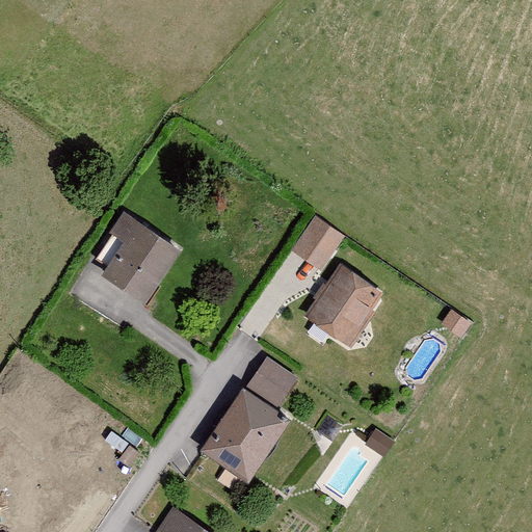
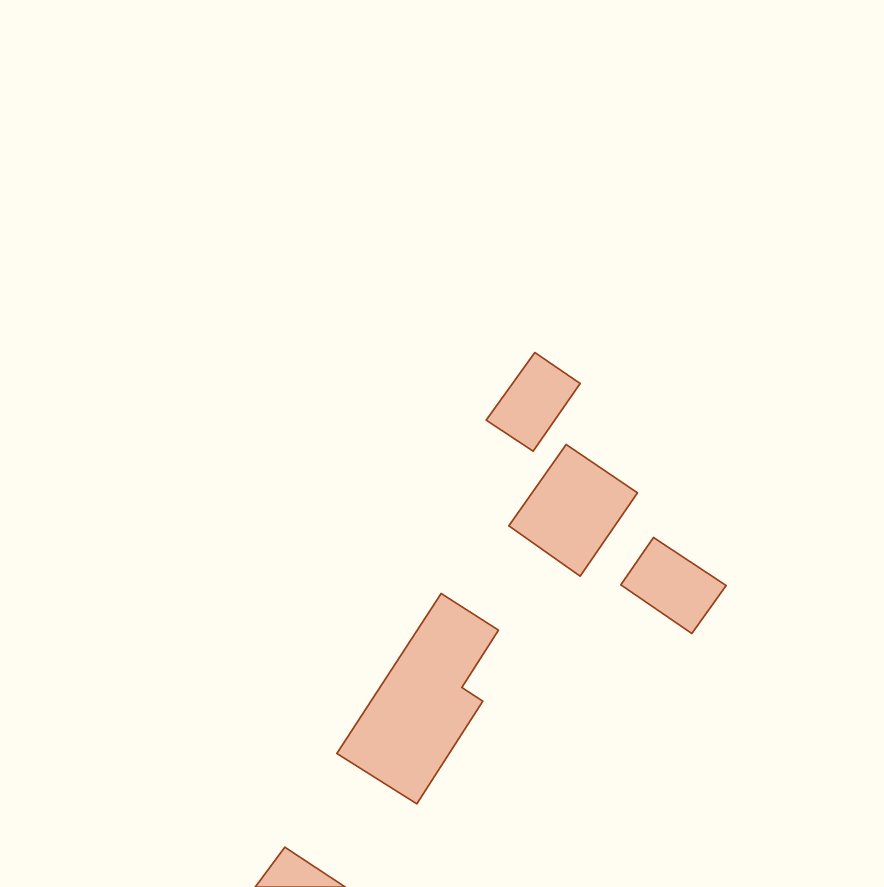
building: [95,215,180,305] -> none
building: none -> [621,537,726,634]

